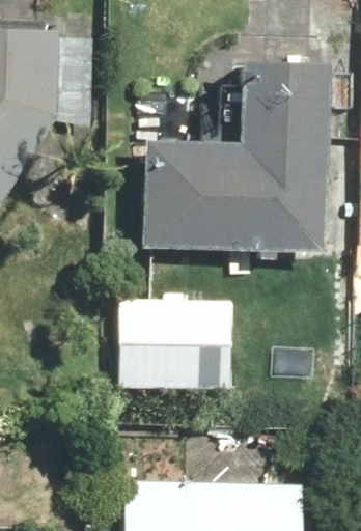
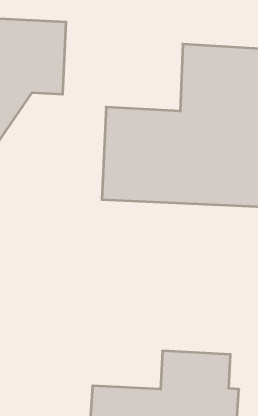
building: [116,294,238,393] -> none

